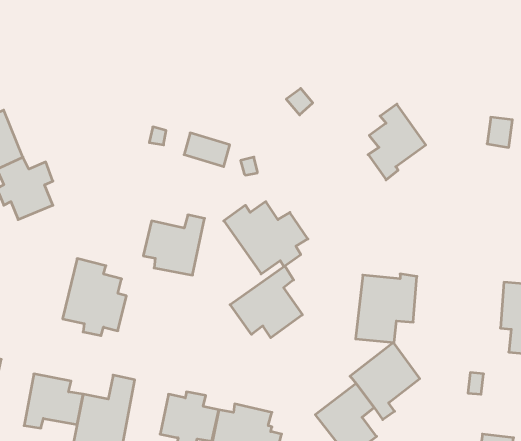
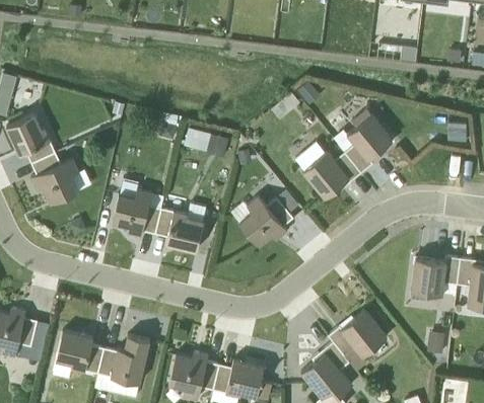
building: none -> [300,147,360,195]
building: [63,259,126,336] -> [109,172,162,237]
building: [230,266,302,338] -> none
building: [356,274,417,343] -> [408,253,460,311]

